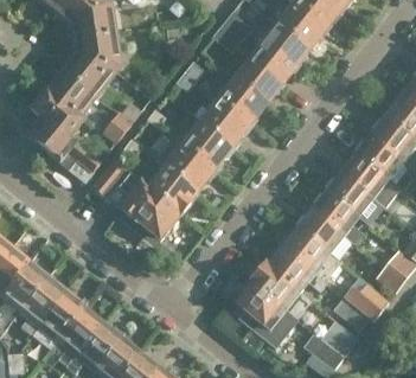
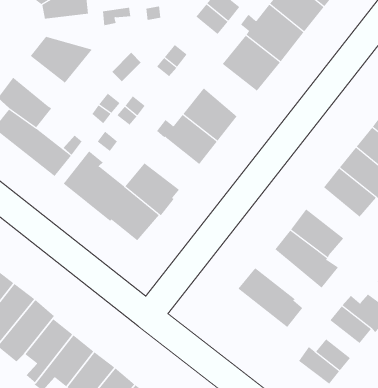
building: [75,33,119,65] -> none
building: [46,71,94,116] -> none
building: [218,78,267,126] -> none
building: [165,143,215,192] -> none
building: [311,190,361,243] -> none
building: [268,245,326,291] -> none
building: [237,281,296,346] -> none

